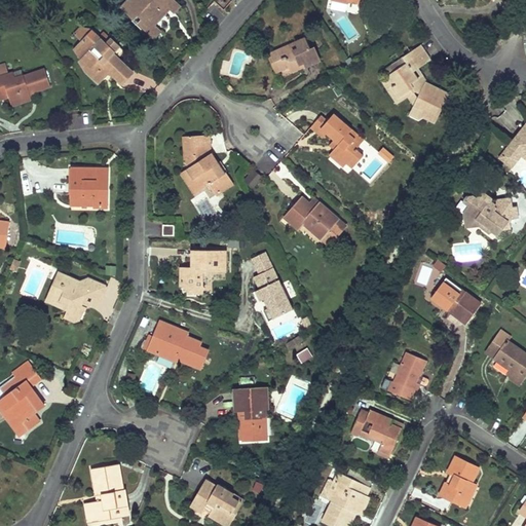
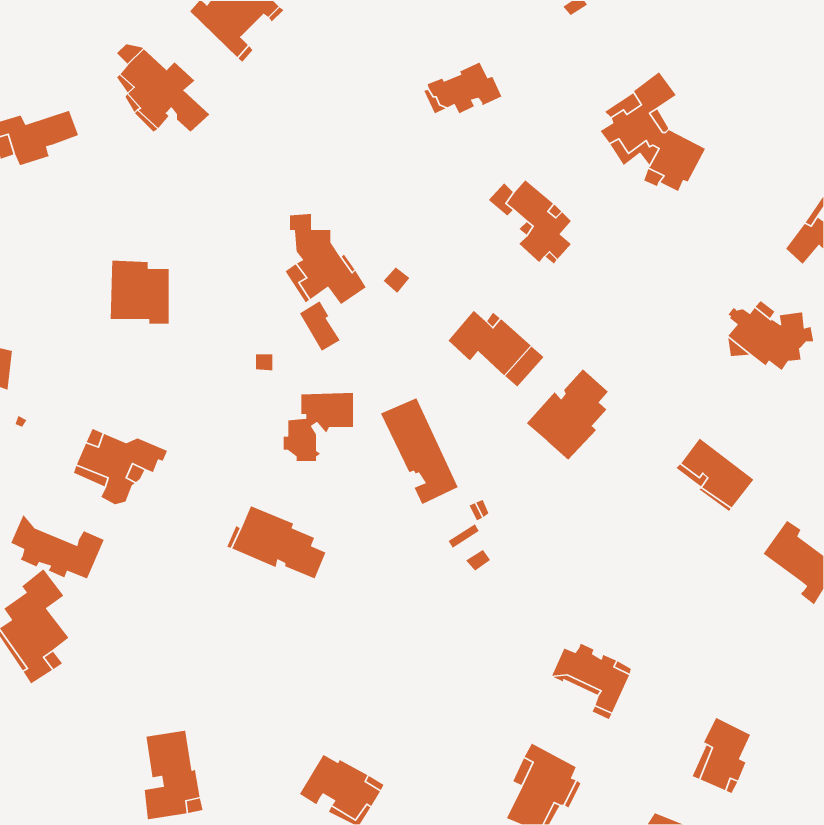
building: none -> [526,368,609,461]
building: none -> [10,514,105,579]
building: [387,352,426,400] -> none
building: [234,388,267,440] -> none

